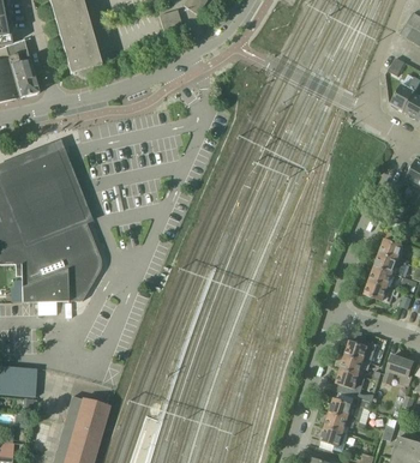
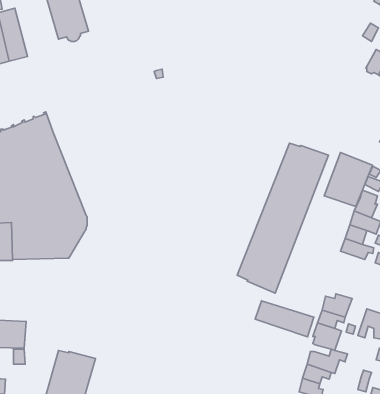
building: none -> [237,143,329,293]
building: none -> [324,153,373,207]
building: none -> [255,301,314,337]

